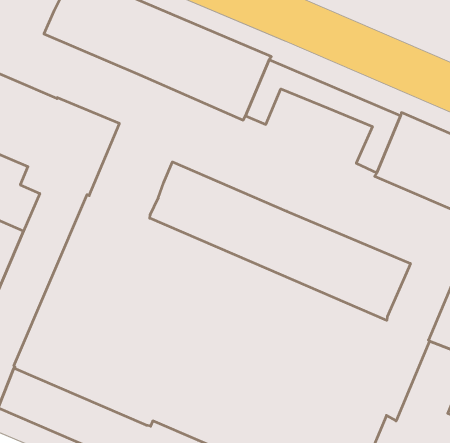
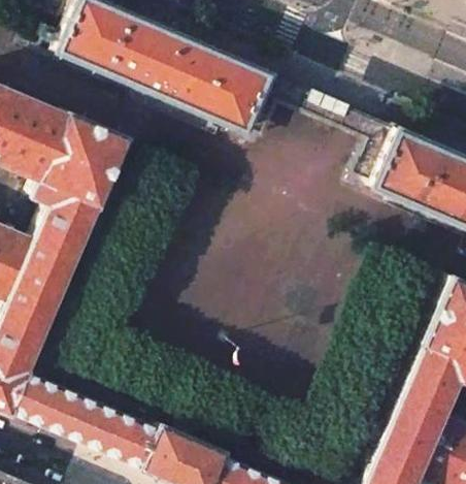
building: [150,162,410,320] -> none

